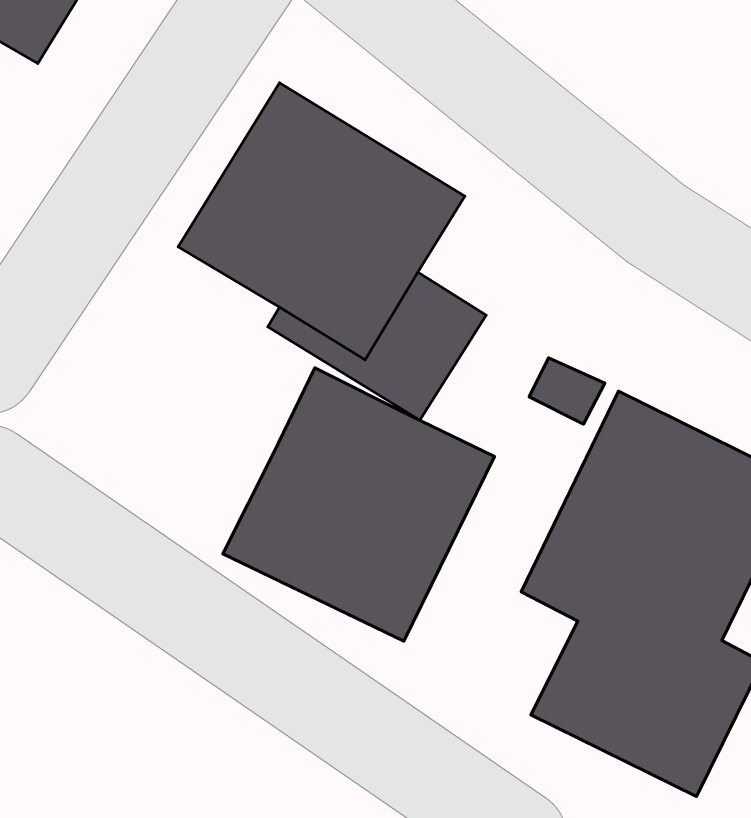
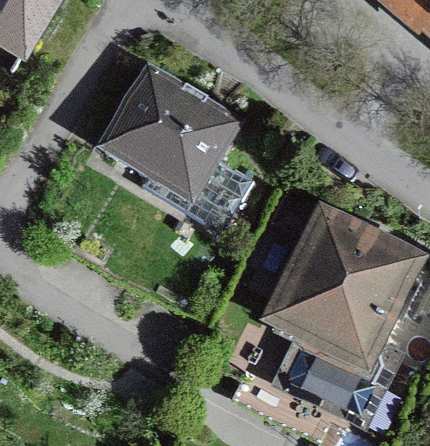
building: [223,368,494,641] -> none

